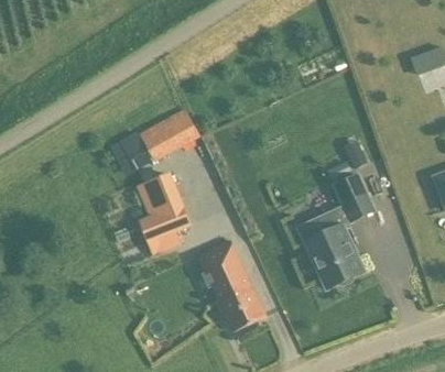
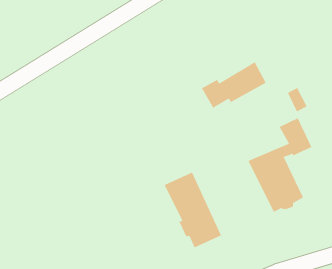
building: [119,110,197,166] -> [201,62,266,108]
building: [135,171,193,244] -> none

